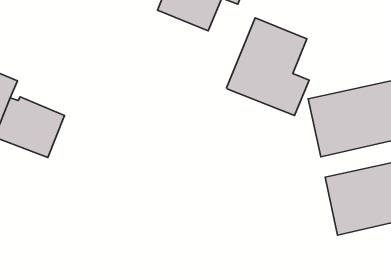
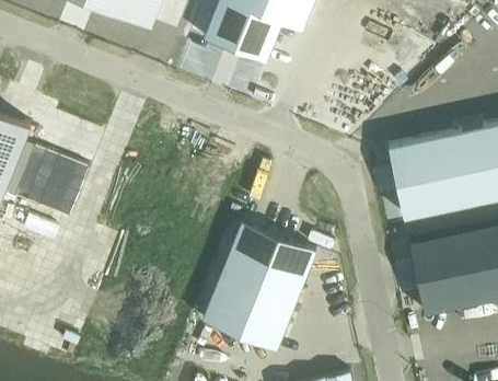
building: [227,18,309,116] -> none
building: none -> [201,223,315,351]

